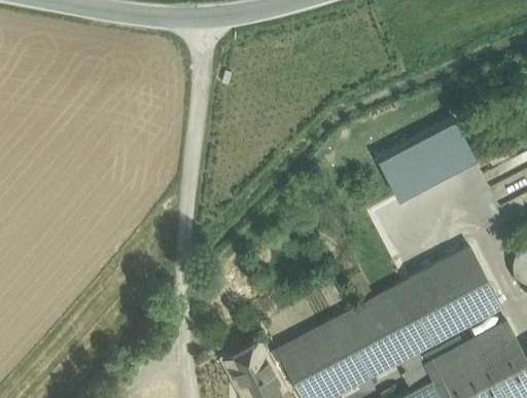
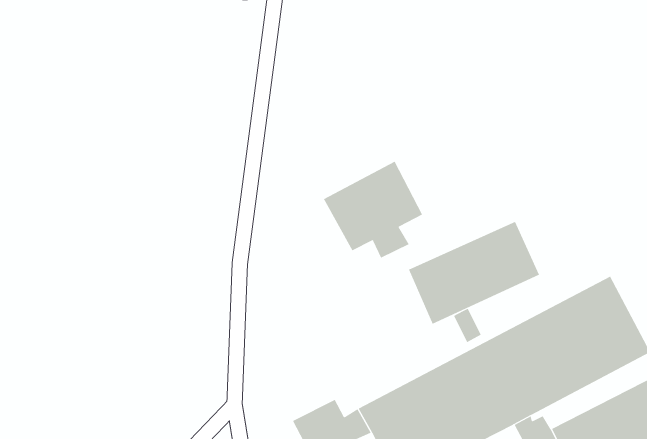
building: [381,121,482,201] -> [408,221,540,324]
building: none -> [323,161,423,259]

